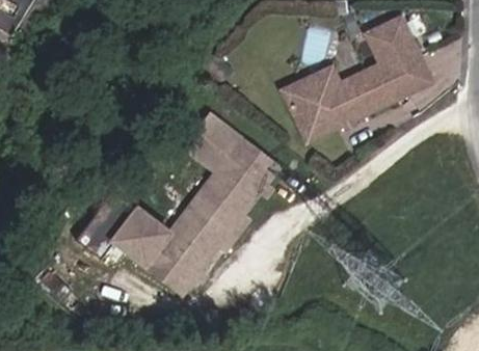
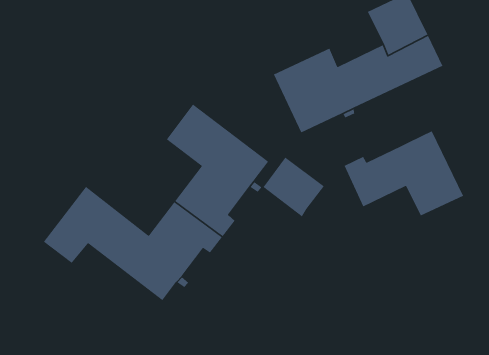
building: none -> [343,130,464,217]
building: none -> [262,157,325,218]

